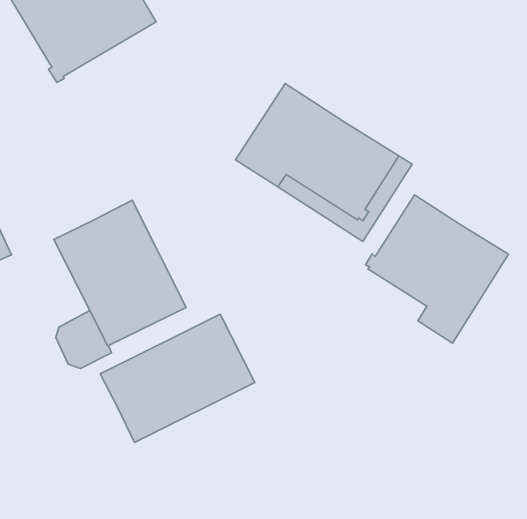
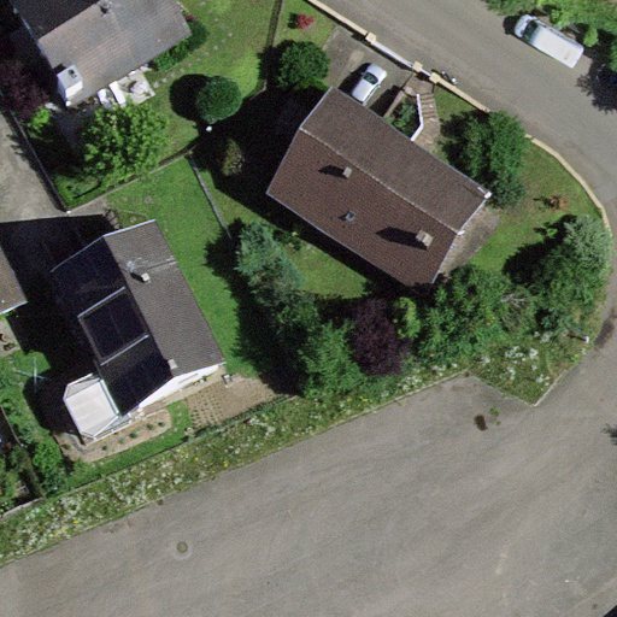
building: [366,195,508,343] -> none
building: [100,314,255,443] -> none

